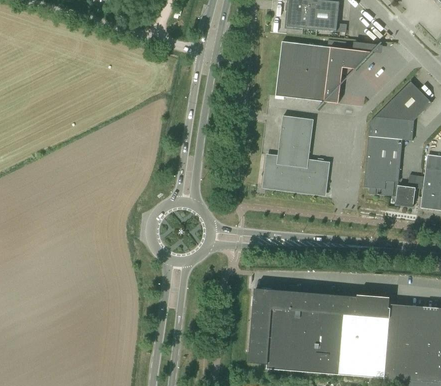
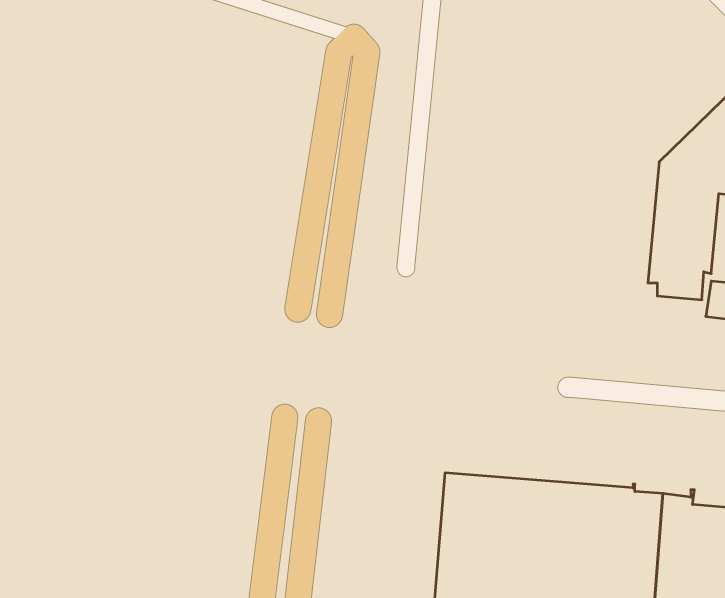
building: [276,41,373,103] -> none
building: [264,115,328,194] -> none

